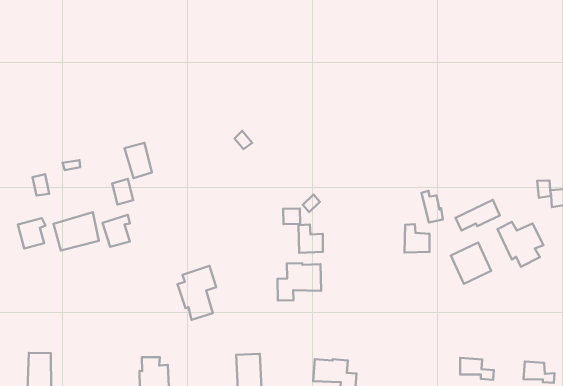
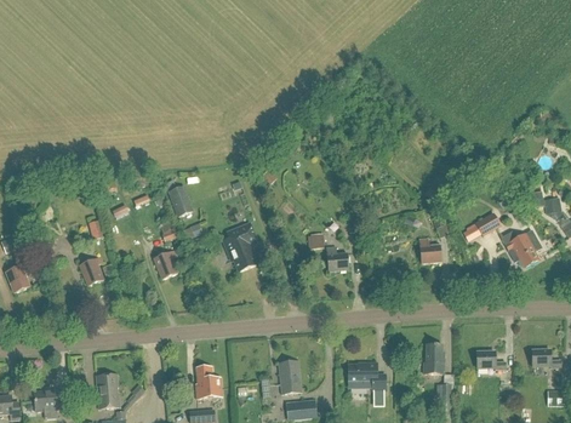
building: [54,212,99,250] -> none
building: [451,243,491,284] -> none
building: [277,263,321,300] -> none
building: [178,266,216,320] -> [223,222,257,270]
building: none -> [423,343,445,372]

